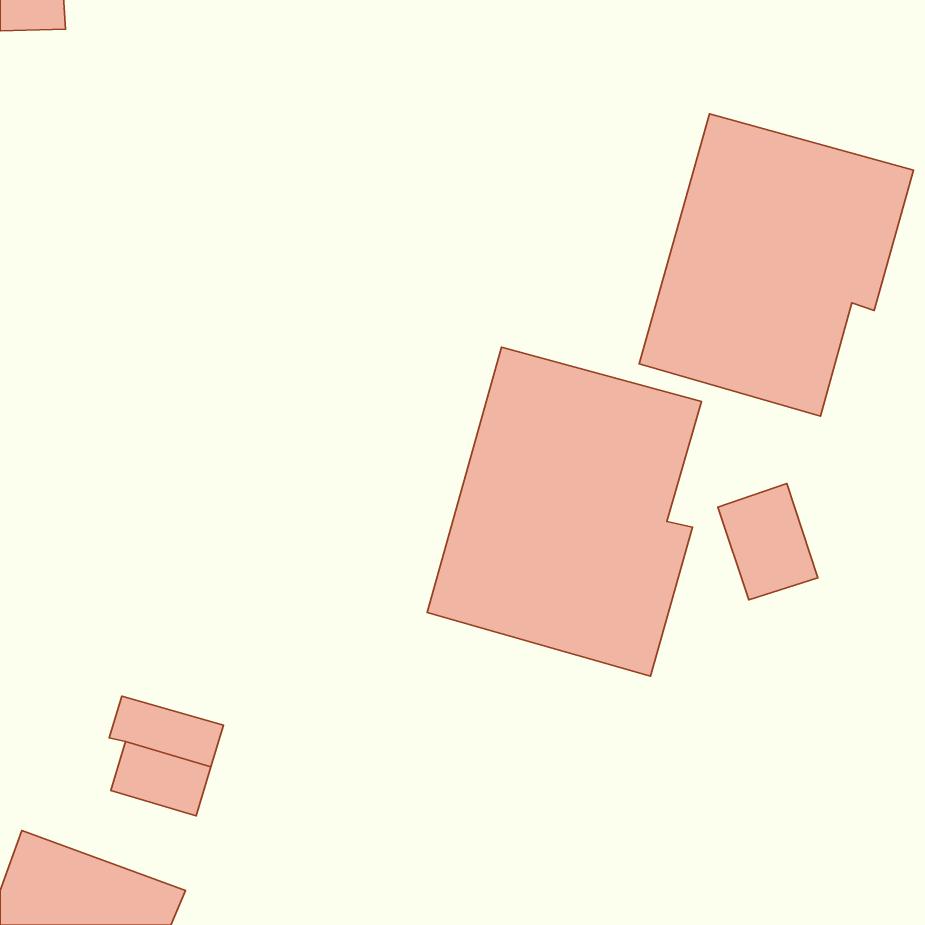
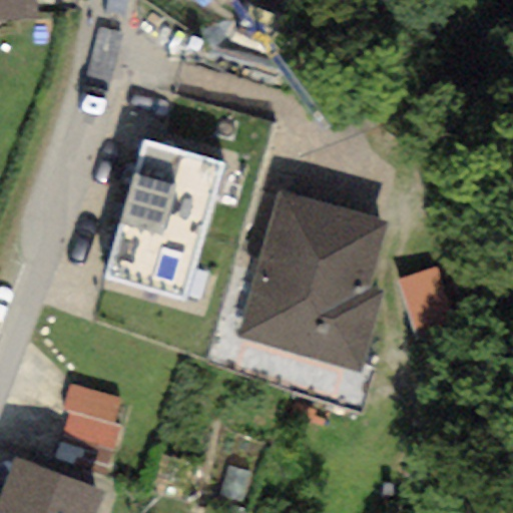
building: [639,114,914,416] -> none
building: none -> [103,137,222,301]

